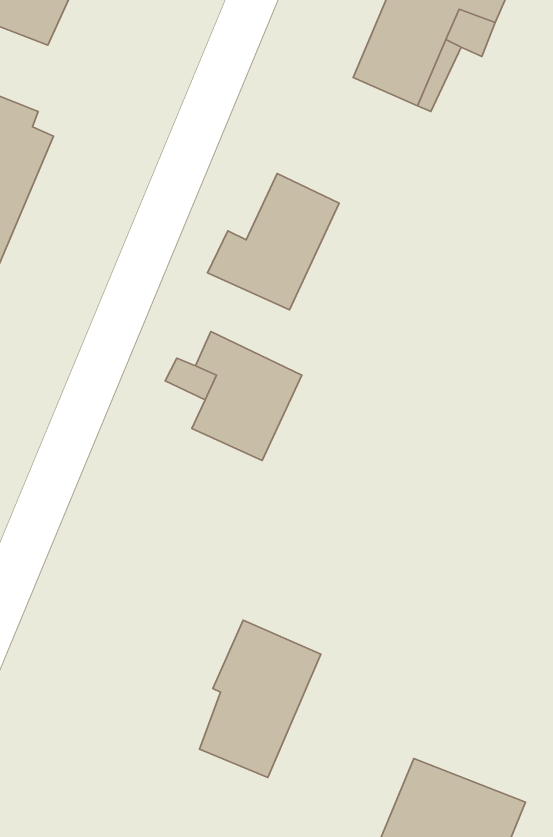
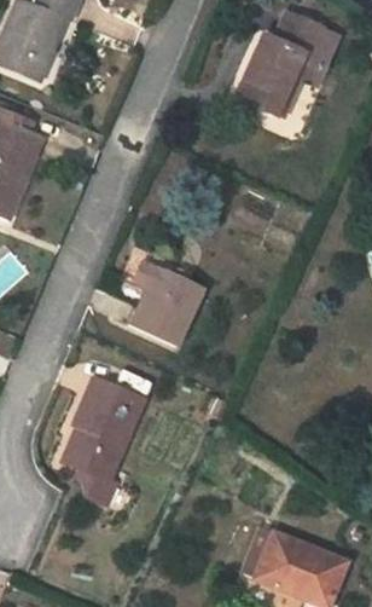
building: [208,174,339,310] -> none
building: [200,620,321,778] -> [65,377,143,478]

